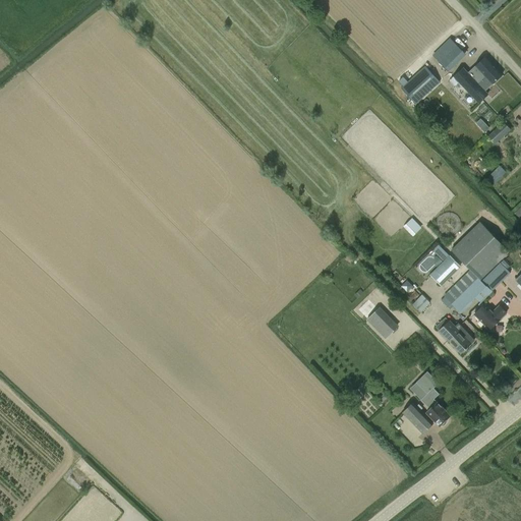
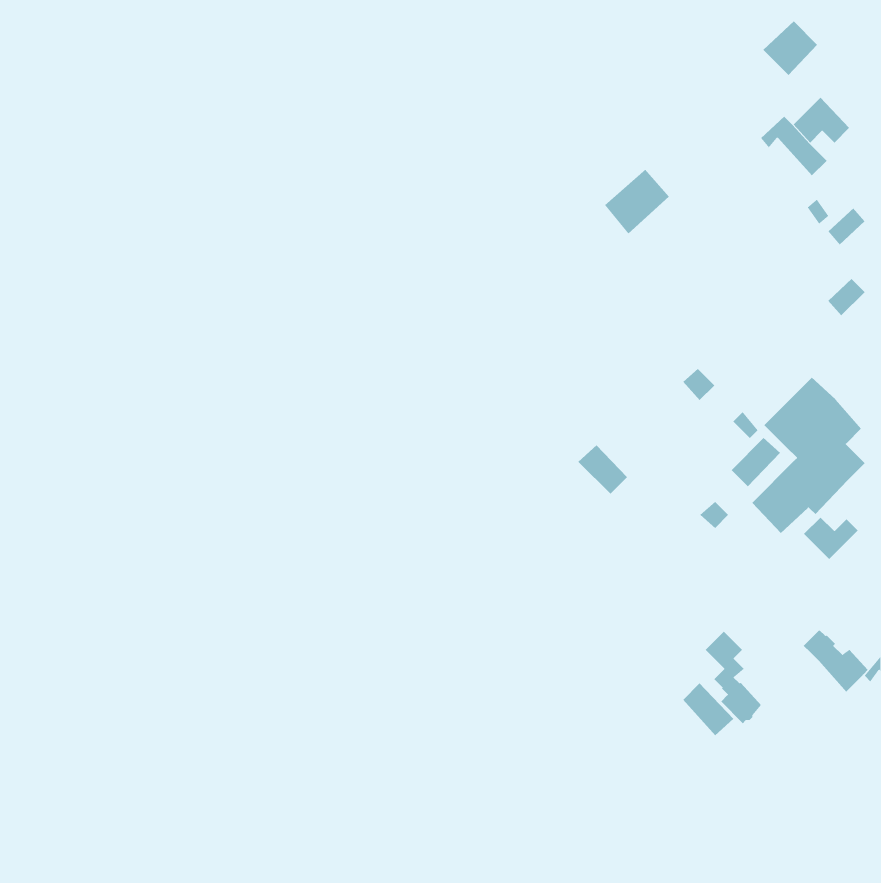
building: [431,39,464,71] -> [763,21,818,76]
building: [400,66,439,105] -> [604,169,670,234]
building: [365,308,395,338] -> [578,444,628,495]
building: [435,317,473,354] -> [803,630,869,692]

